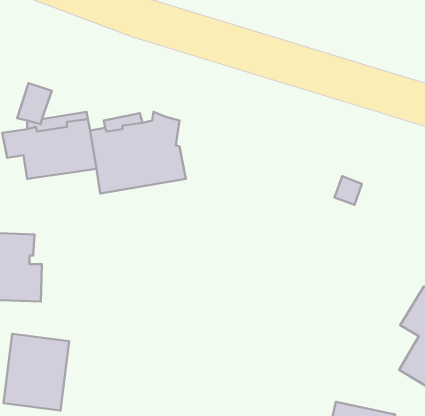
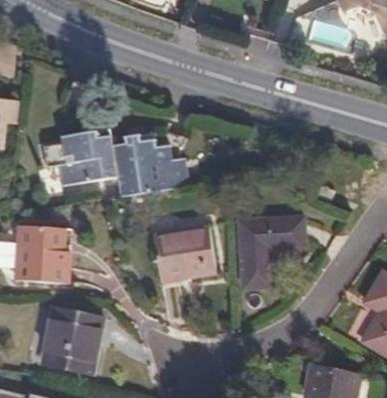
building: none -> [234,216,303,291]
building: none -> [155,232,215,281]

